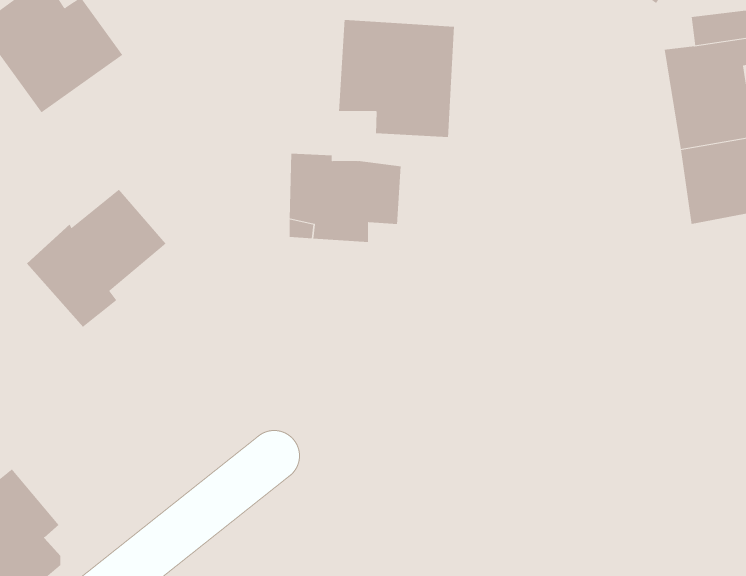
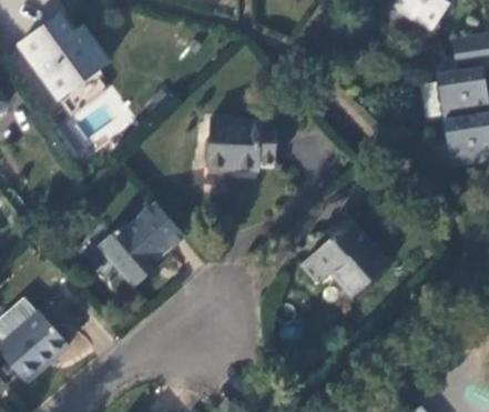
building: [338,19,454,138] -> none
building: [26,189,166,327] -> [96,203,182,288]
building: none -> [302,217,390,300]

